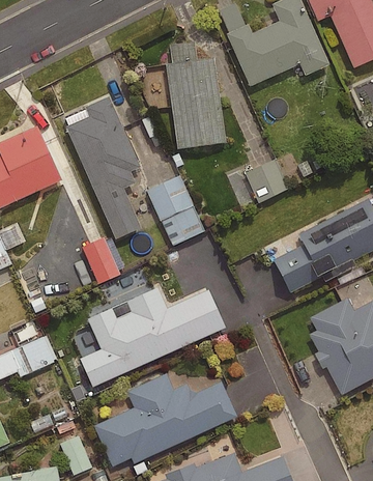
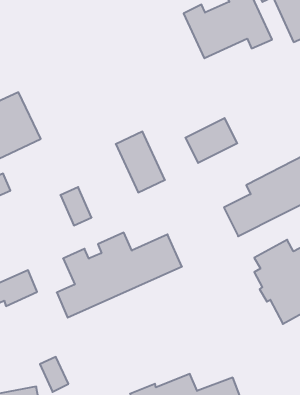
building: [166,40,225,148] -> none
building: [66,96,141,238] -> none
building: [95,375,237,465] -> none

